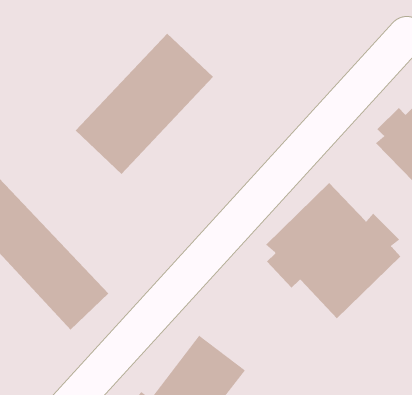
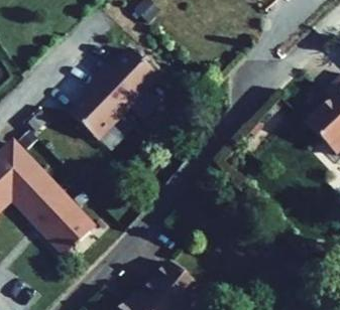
building: [265,182,401,319] -> none

